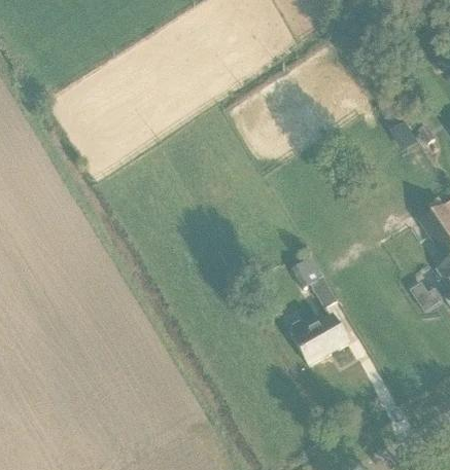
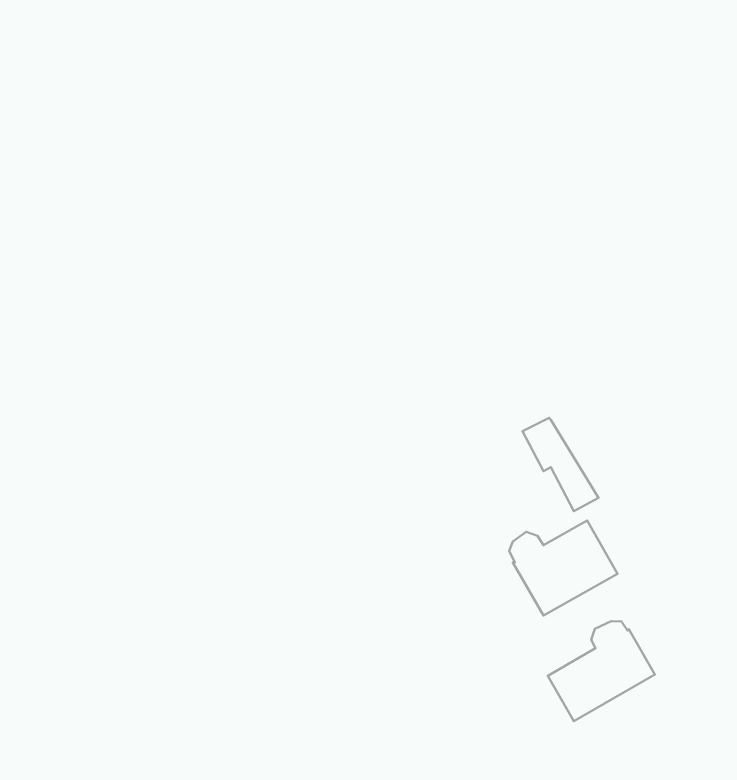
building: none -> [548,621,655,721]

